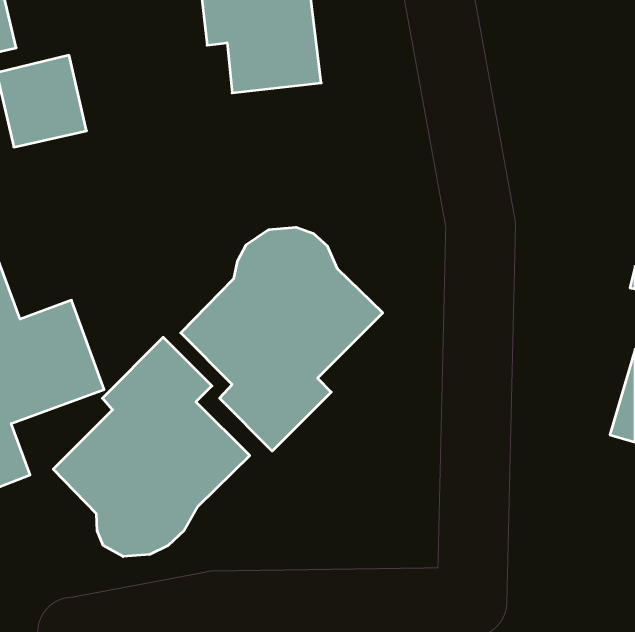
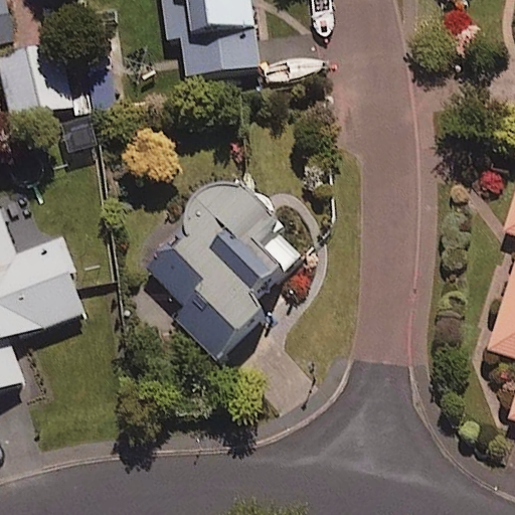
building: [53,337,250,557] -> none

